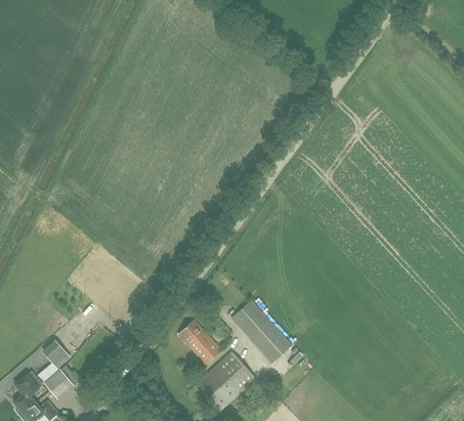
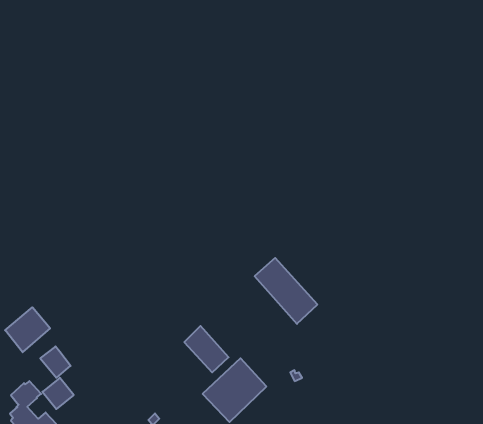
building: [231,299,291,362] -> [255,258,317,324]
building: none -> [5,307,50,352]

